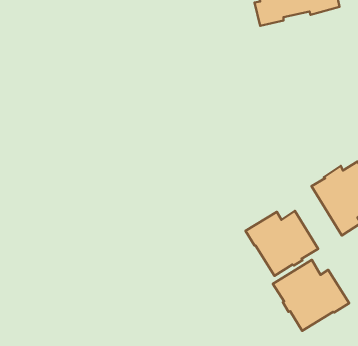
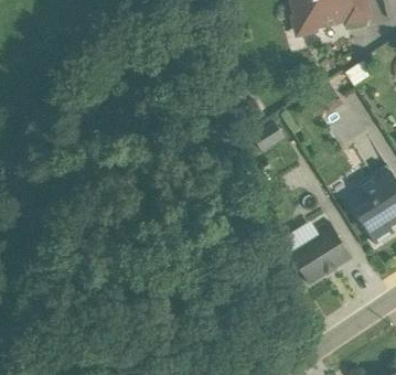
building: [273,260,349,331] -> none

